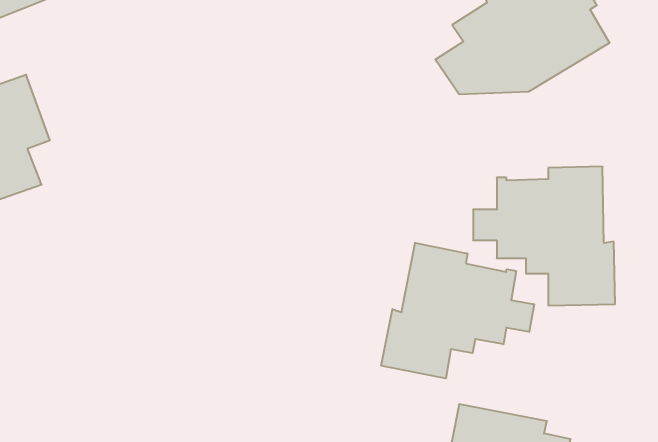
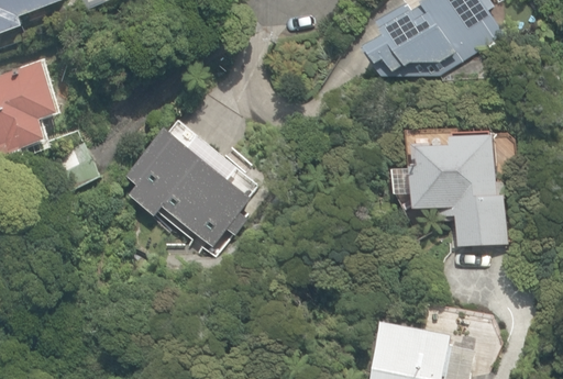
building: none -> [123,122,254,246]
building: [381,243,534,378] -> none

